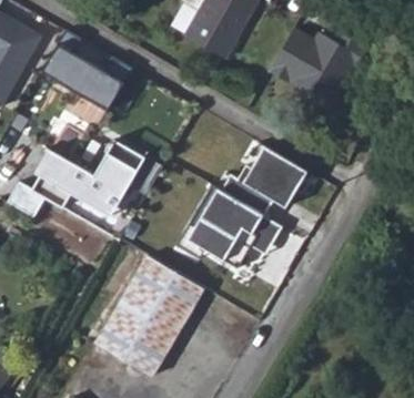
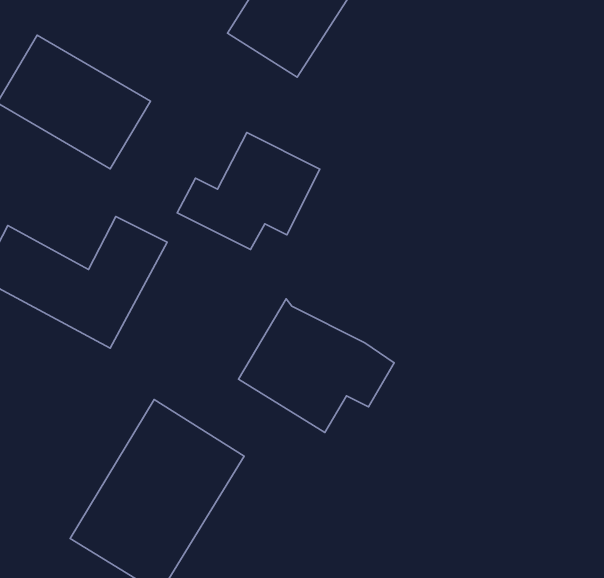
building: [271,28,360,105] -> none
building: [220,145,306,216] -> [177,132,320,250]

